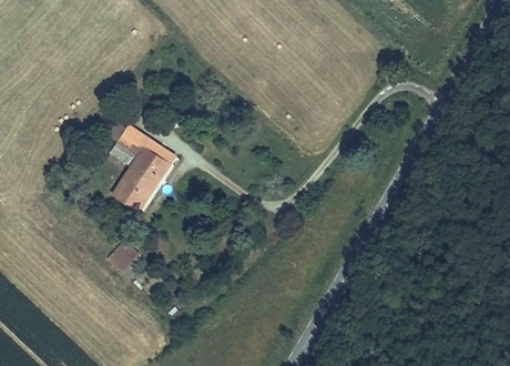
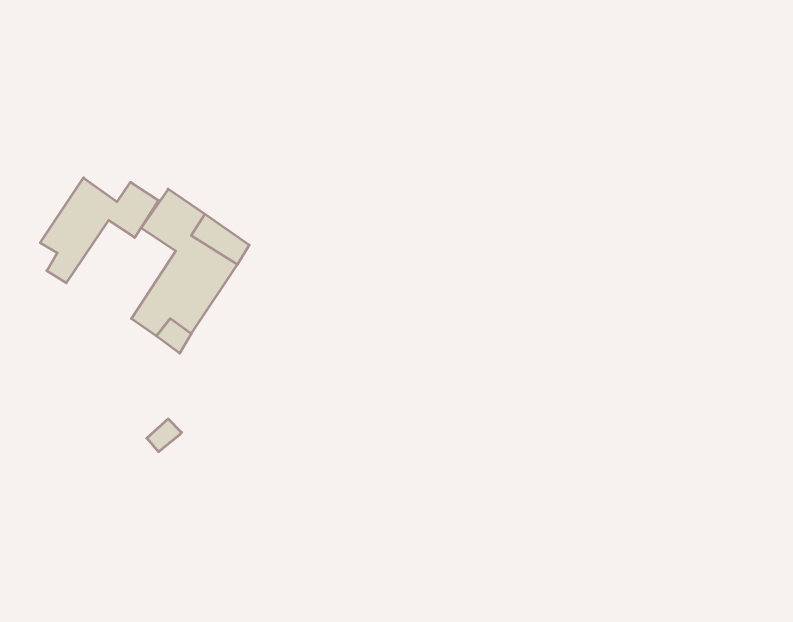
building: none -> [40,178,159,283]

